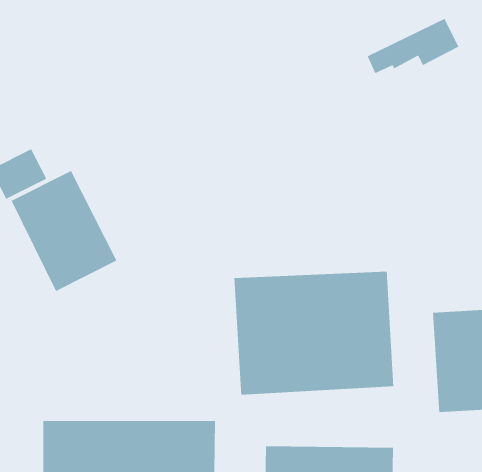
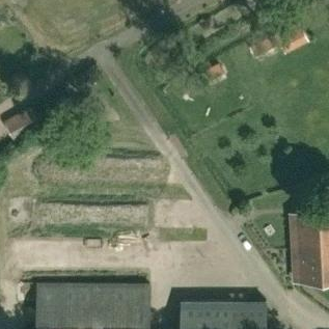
building: [11,170,117,292] -> none
building: [234,271,394,395] -> none

